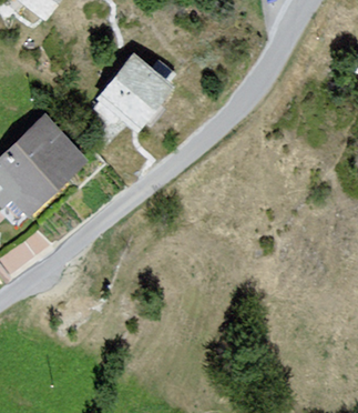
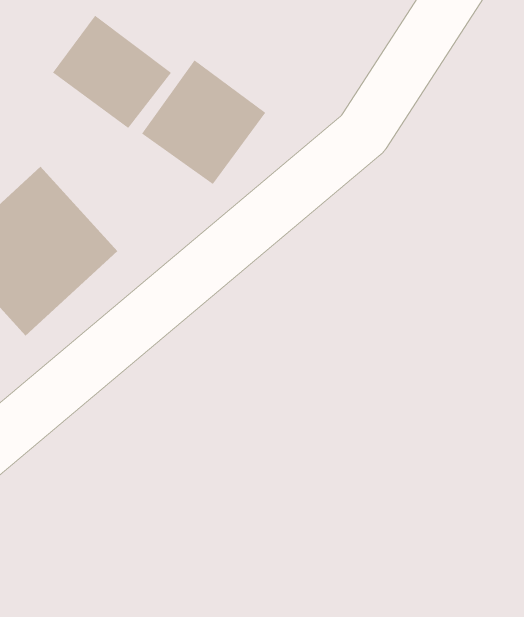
building: none -> [52,15,172,129]

